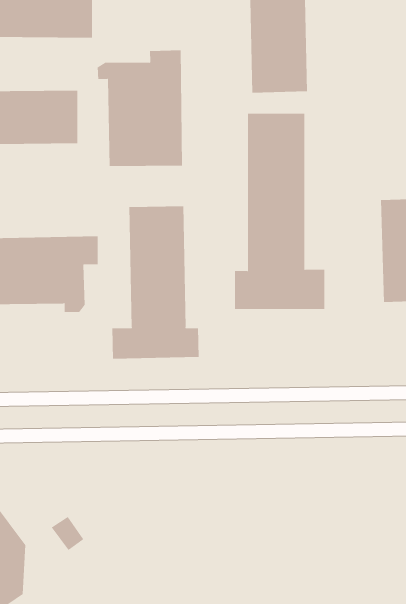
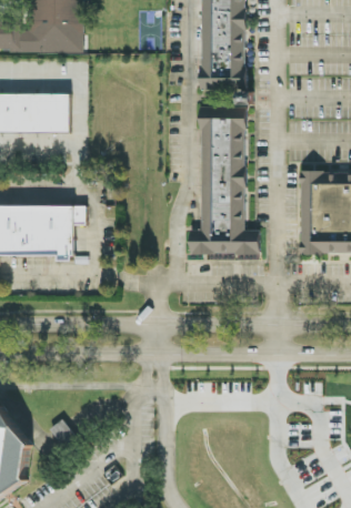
building: [97,50,183,167] -> none
building: [112,205,199,359] -> none

